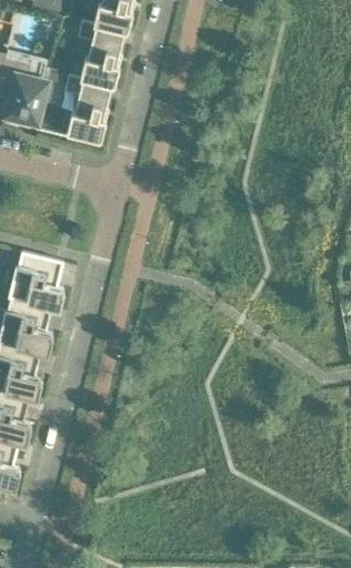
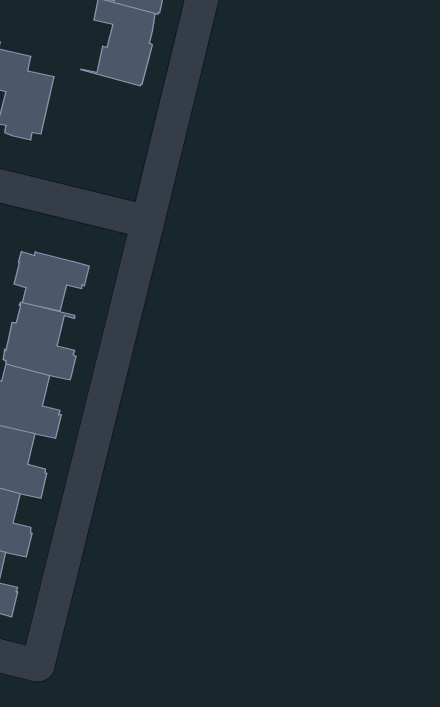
building: [64,77,112,143] -> none
building: none -> [14,251,89,311]

